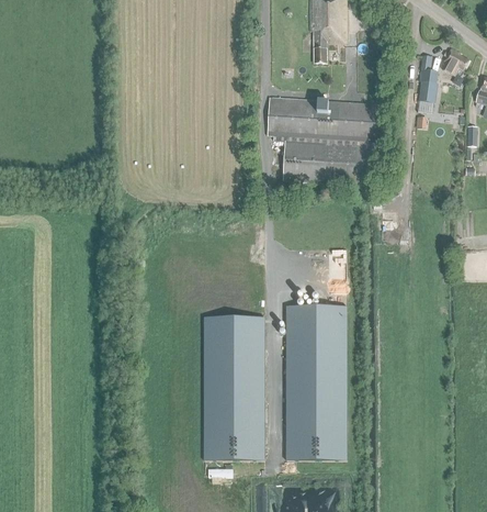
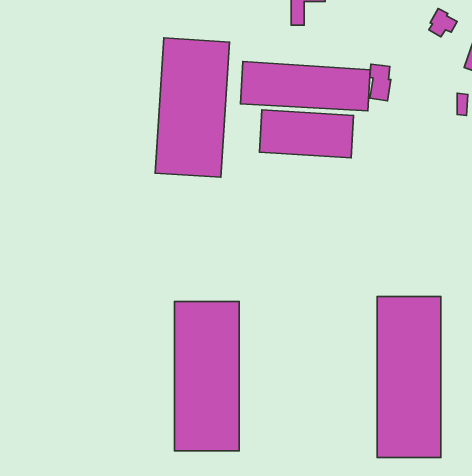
building: [419,67,439,101] -> [370,64,391,101]
building: none -> [155,38,230,177]
building: [287,308,347,458] -> [377,296,441,458]

